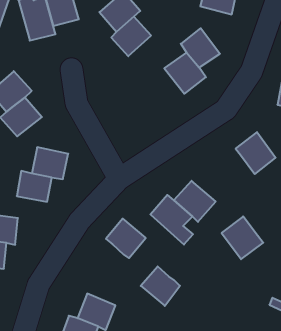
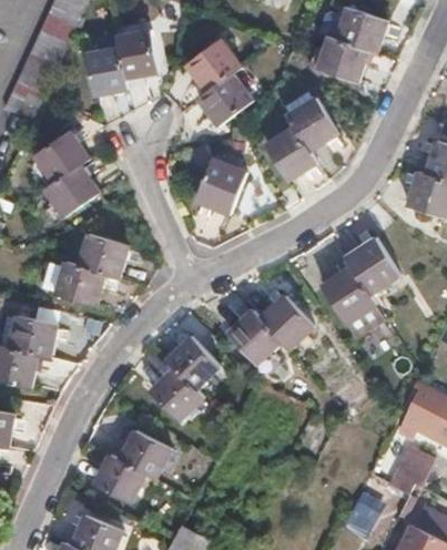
building: none -> [195,161,244,213]
building: [222,216,263,259] -> [322,267,375,323]
building: [141,266,180,306] -> [150,368,201,420]

